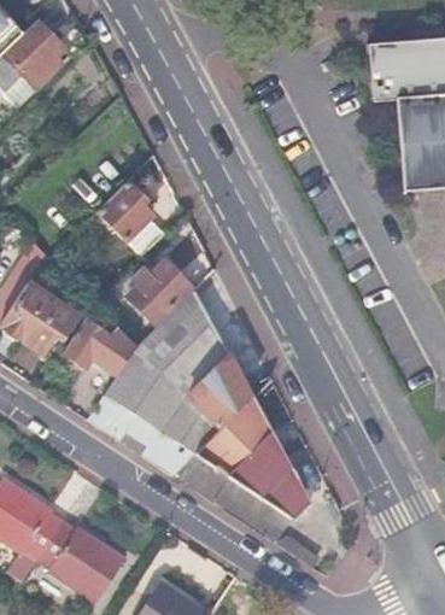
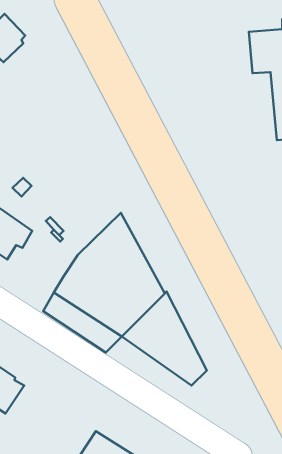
building: [98,181,163,253] -> none
building: [129,253,216,320] -> none
building: [62,317,136,374] -> none
building: [39,521,127,601] -> none

